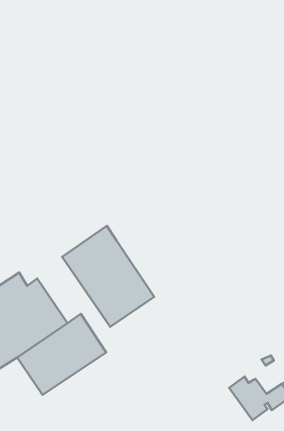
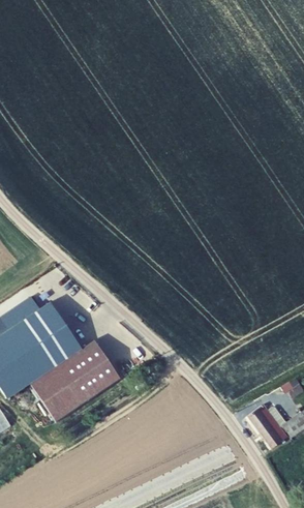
building: [62,226,154,327] -> none

